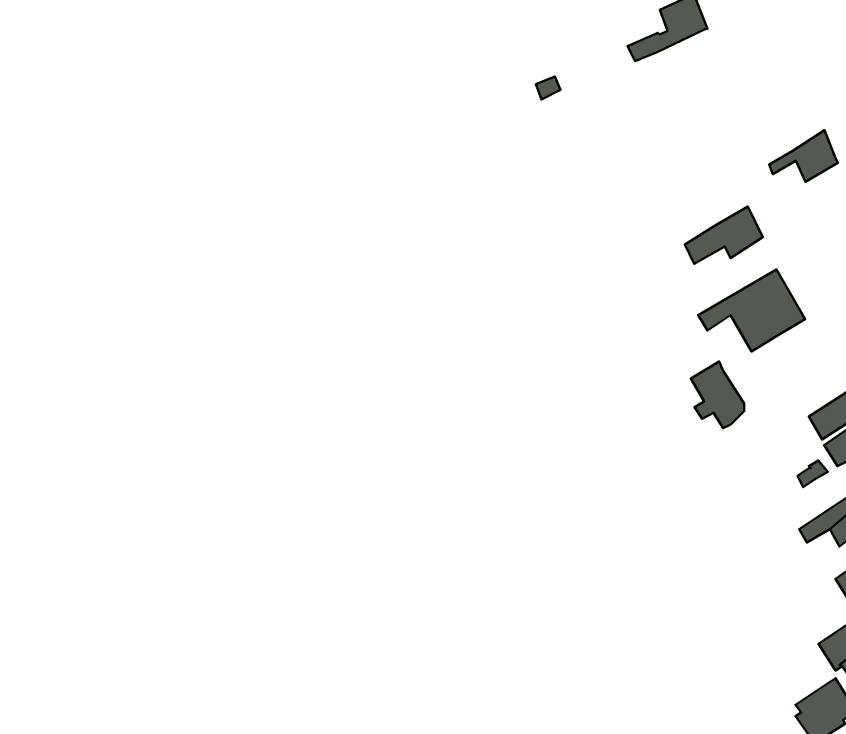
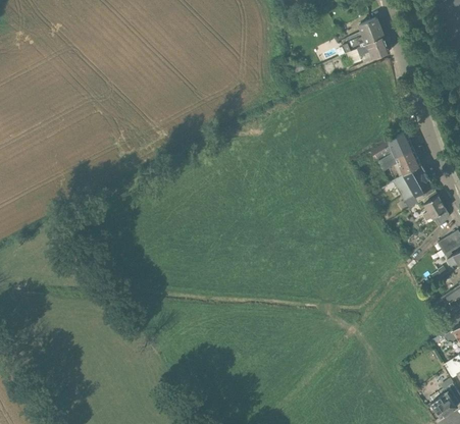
building: none -> [350,37,391,64]
building: [769,130,838,182] -> [385,148,421,175]
building: [691,361,744,428] -> [421,192,450,227]

